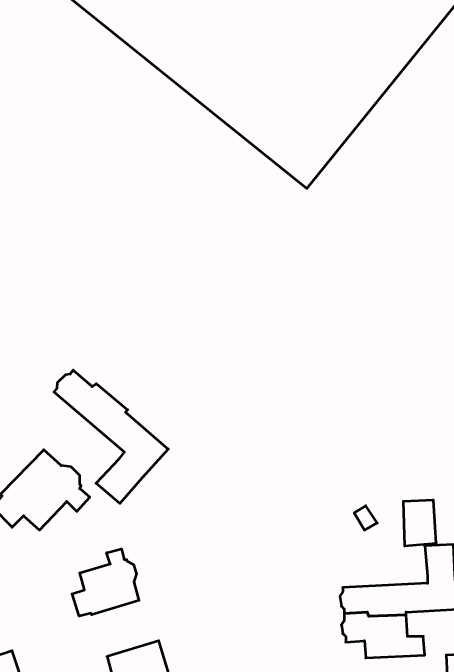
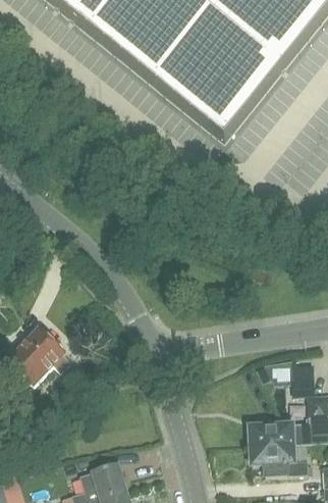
building: [54,370,168,503] -> none
building: [72,549,139,616] -> none

